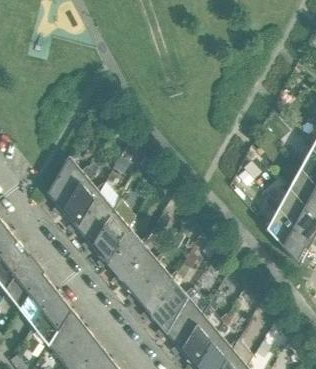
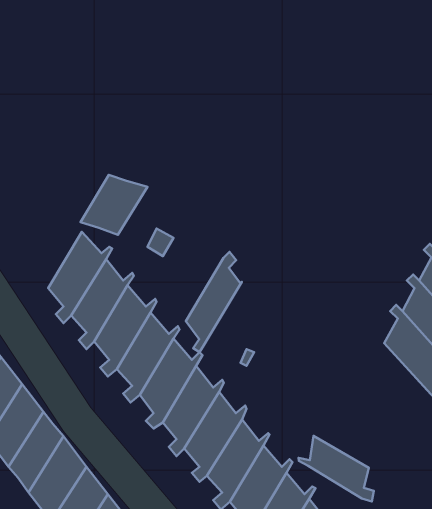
building: none -> [81,175,148,235]
building: none -> [186,252,242,352]
building: none -> [299,436,374,502]

